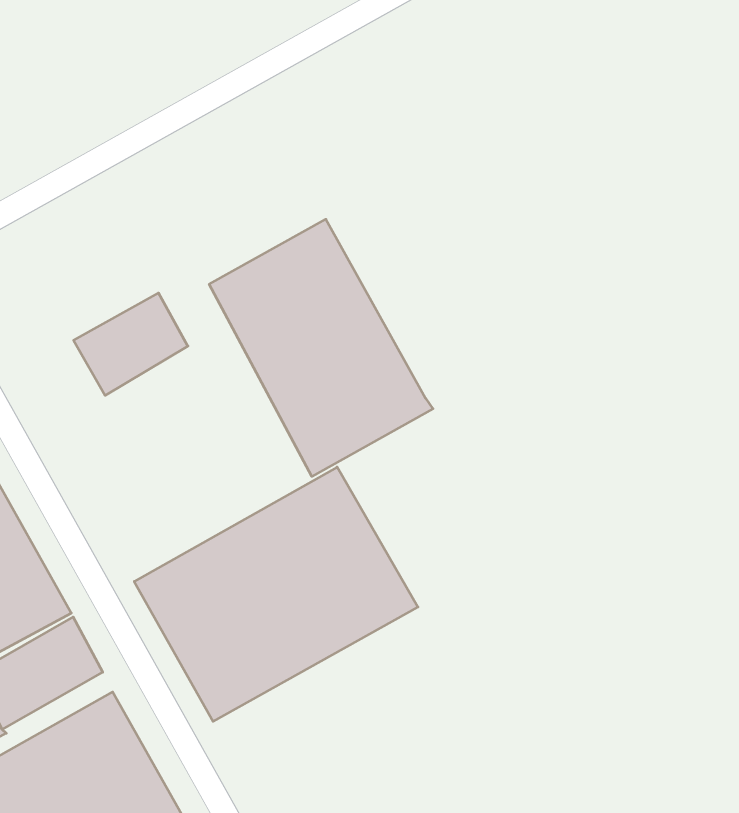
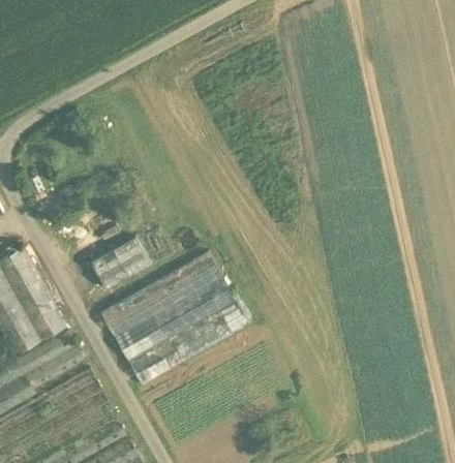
building: [209,219,433,476] -> none
building: [74,293,188,395] -> [90,236,150,289]

